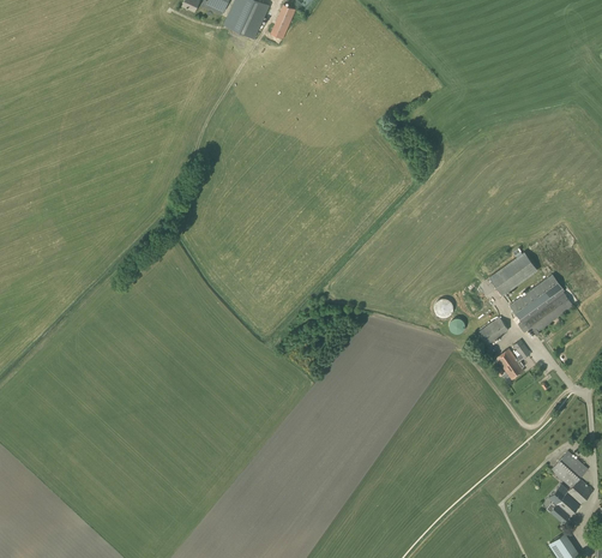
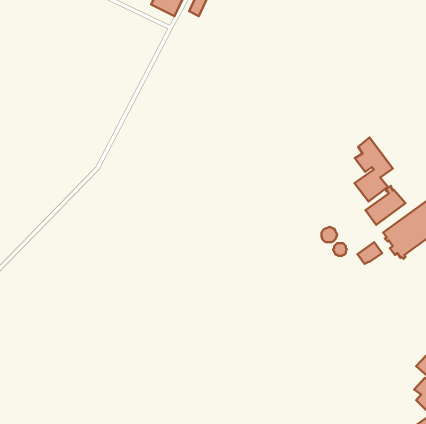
building: none -> [354,138,393,202]
building: [495,340,531,379] -> none

